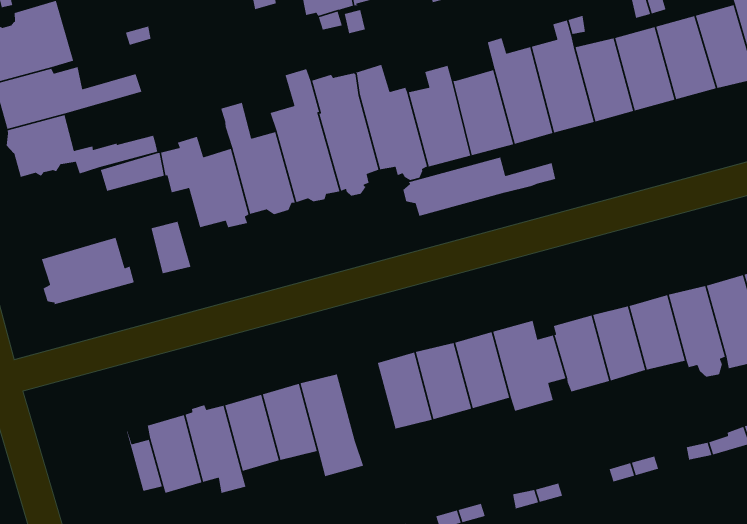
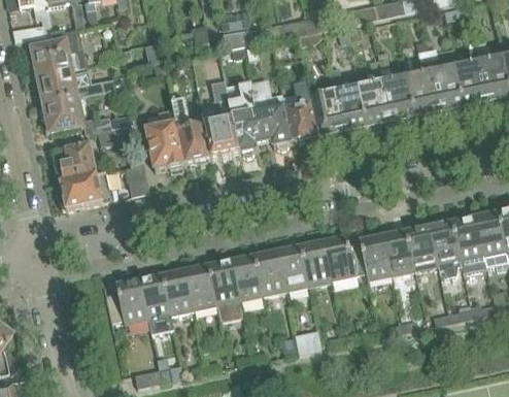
building: [402,157,556,217] -> none
building: none -> [54,143,96,181]
building: none -> [231,255,263,300]

